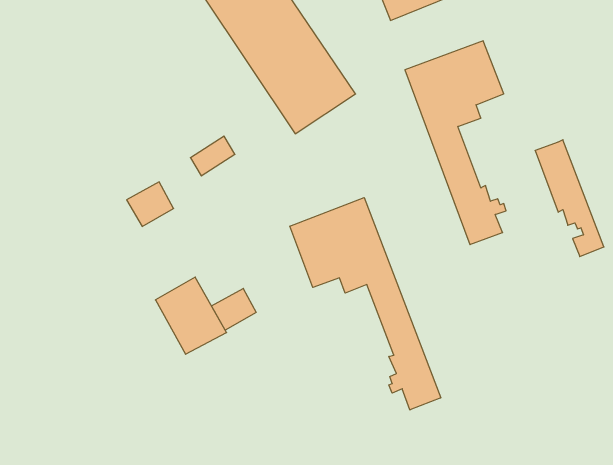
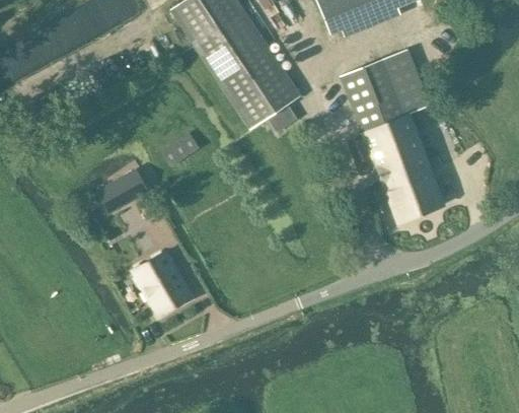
building: [535,140,604,257] -> [387,115,445,213]
building: [290,198,441,410] -> none
building: [211,288,256,330] -> none

